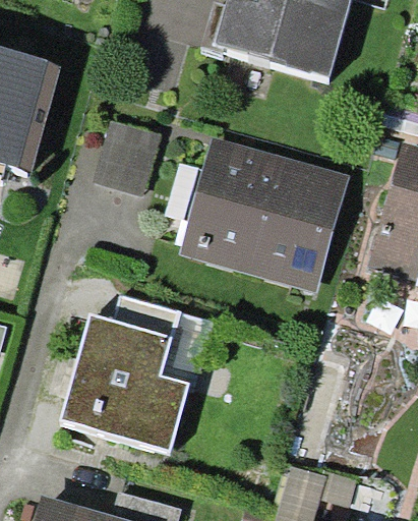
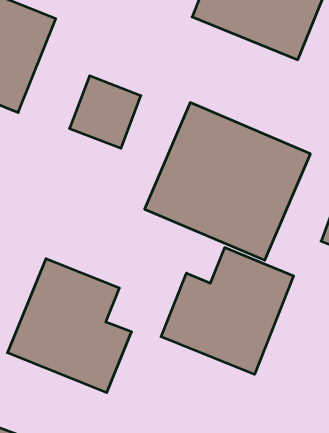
building: none -> [161,248,294,374]

